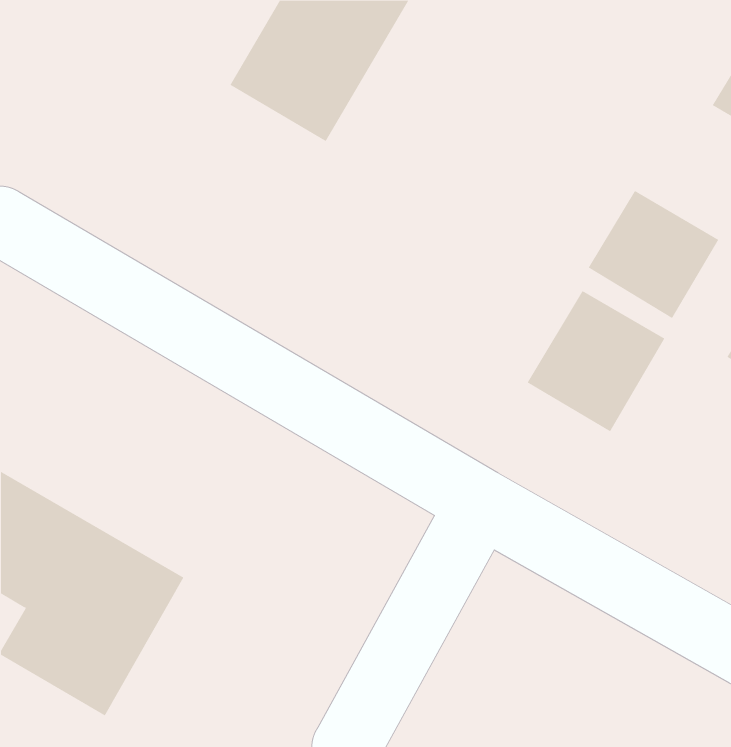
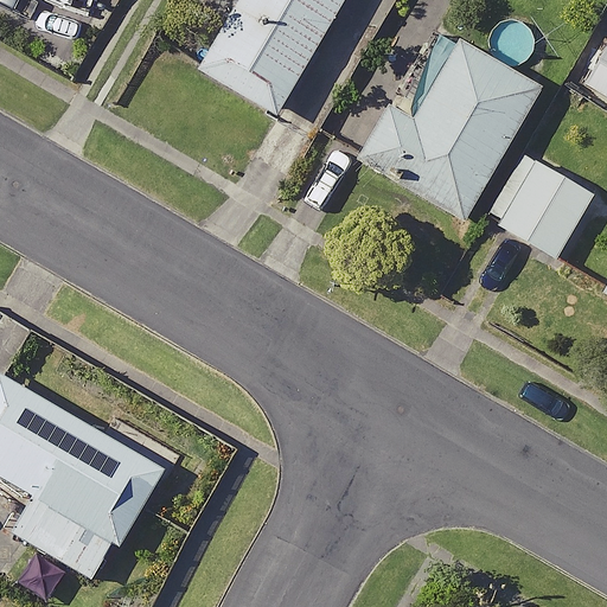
building: none -> [360,25,543,221]
building: [527,290,665,432] -> none

